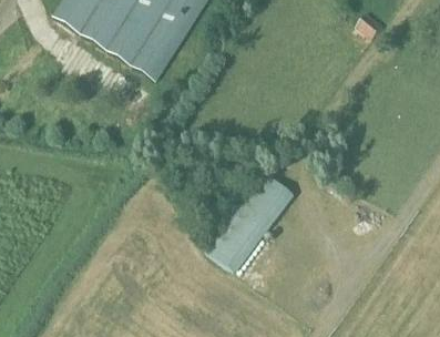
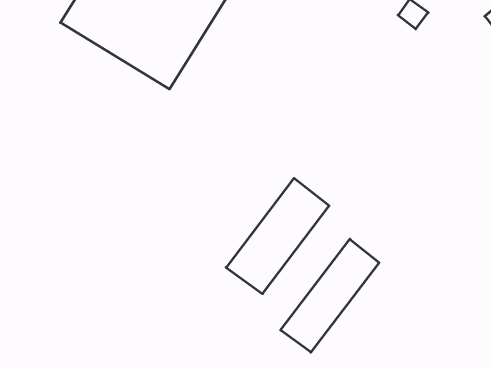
building: none -> [281,239,379,352]

